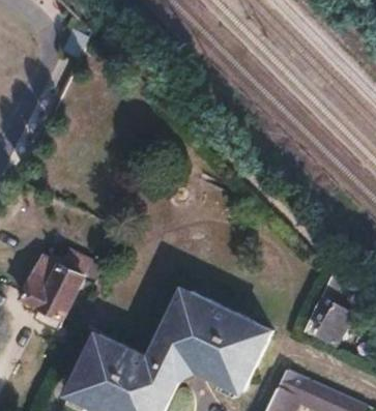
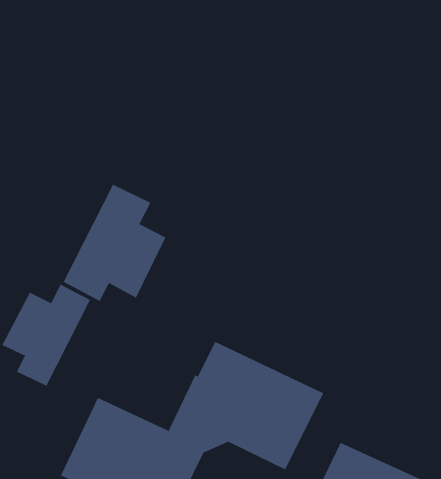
building: none -> [63,184,166,302]
building: [303,275,352,343] -> none

